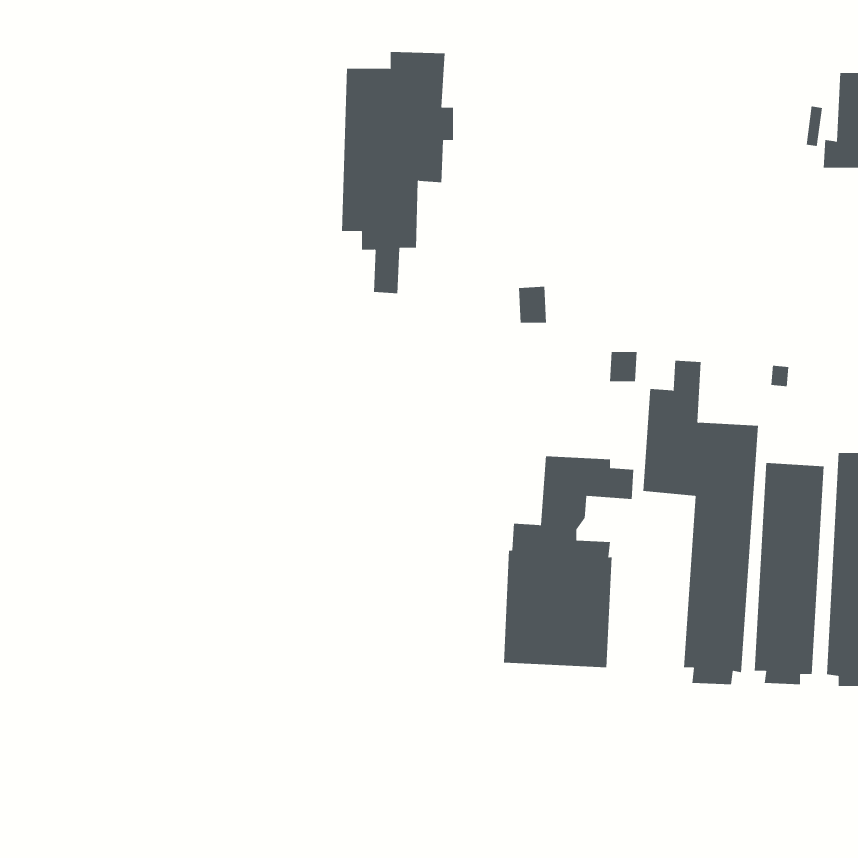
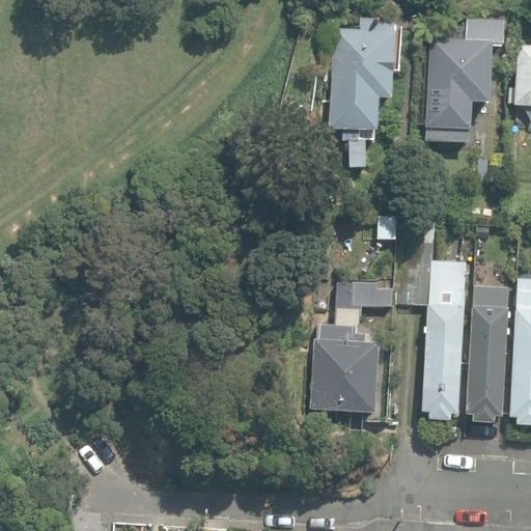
building: none -> [424,18,504,143]
building: [341,51,454,294] -> [330,13,399,163]

